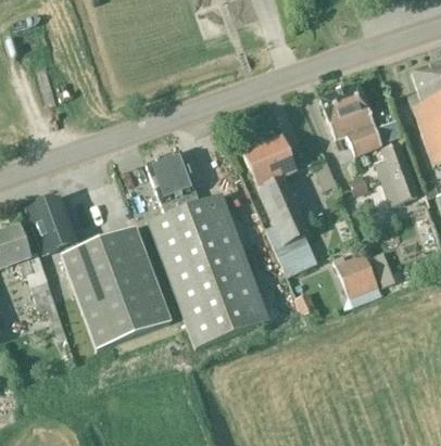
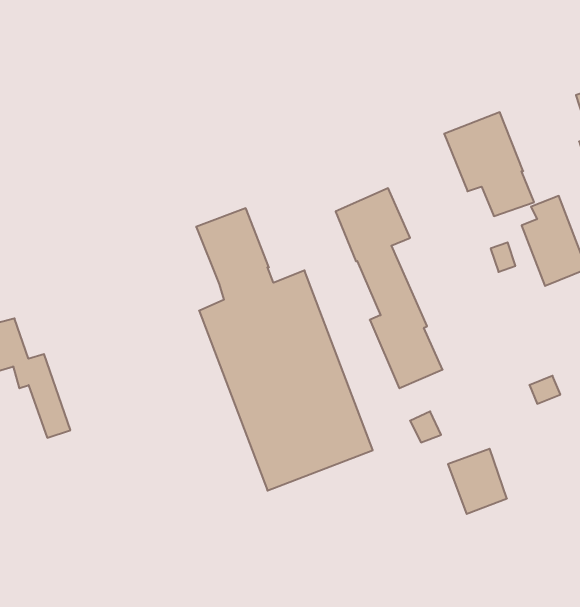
building: [24,194,76,255] -> none
building: [60,227,169,349] -> none
building: [337,252,378,297] -> [448,449,507,514]

